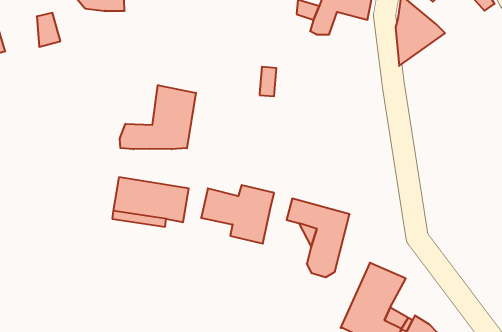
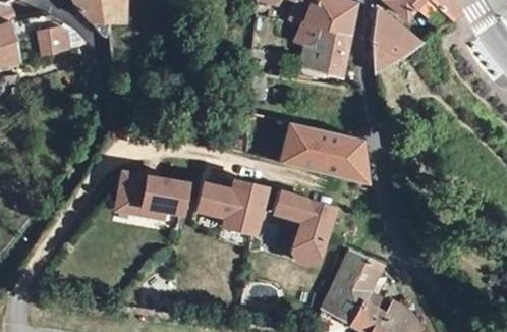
building: none -> [300,24,349,75]
building: [120,85,196,149] -> none
building: none -> [284,123,362,182]

